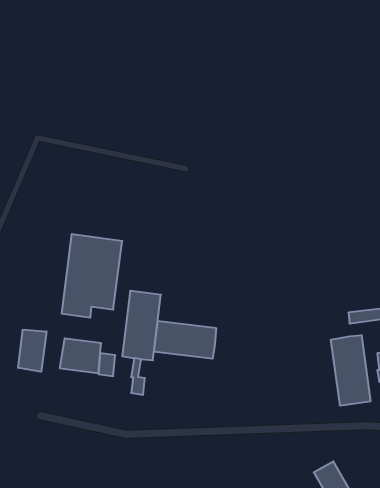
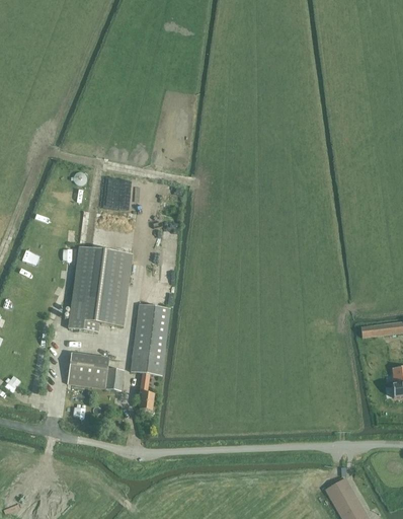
building: [154,321,216,359] -> none
building: [18,330,46,372] -> none
building: [331,335,371,406] -> none

